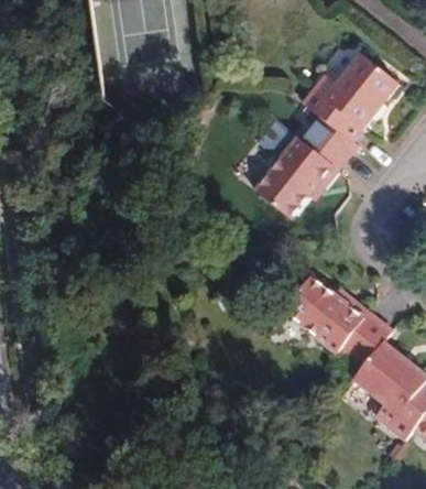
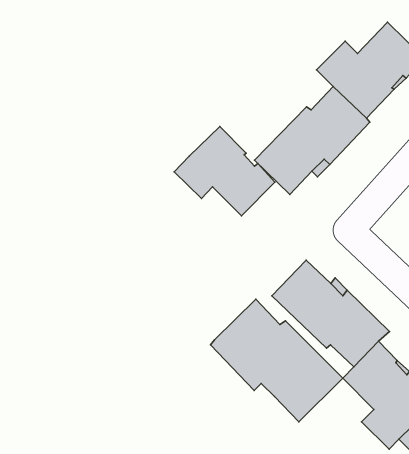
building: none -> [174,126,275,216]
building: none -> [210,299,343,422]

